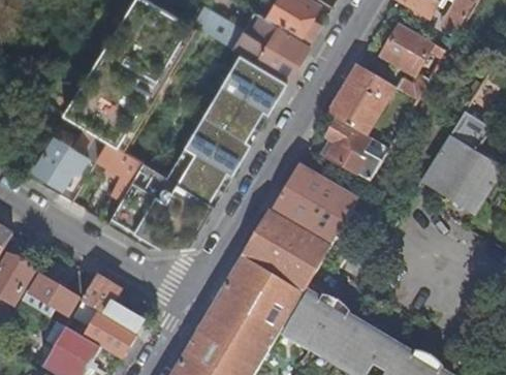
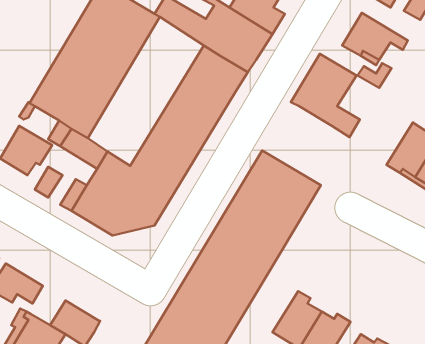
building: [321,118,379,180] -> none
building: [80,277,141,334] -> none
building: [281,291,335,345] -> none

